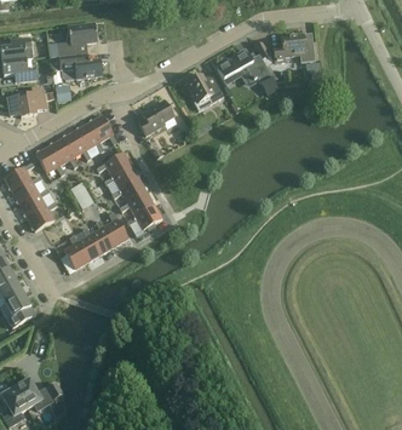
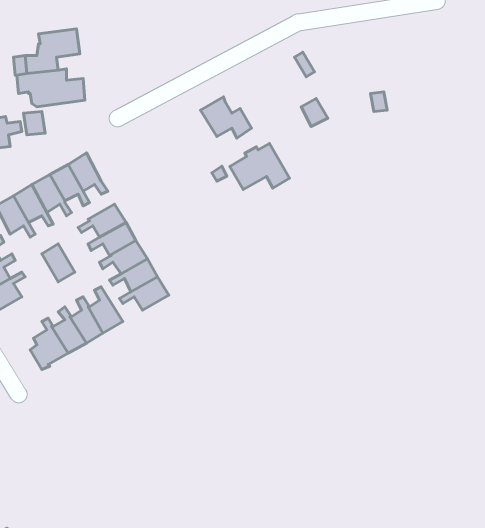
building: [271,33,315,63] -> none
building: [217,51,260,85] -> [230,143,289,190]
building: [137,99,173,136] -> none

